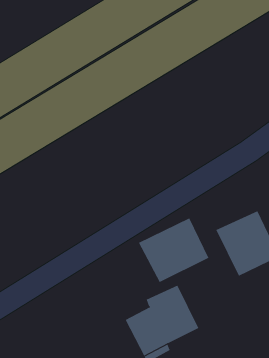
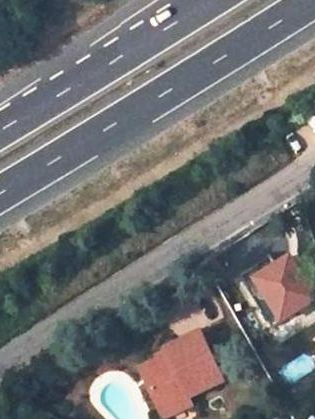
building: [138,218,209,283] -> none

